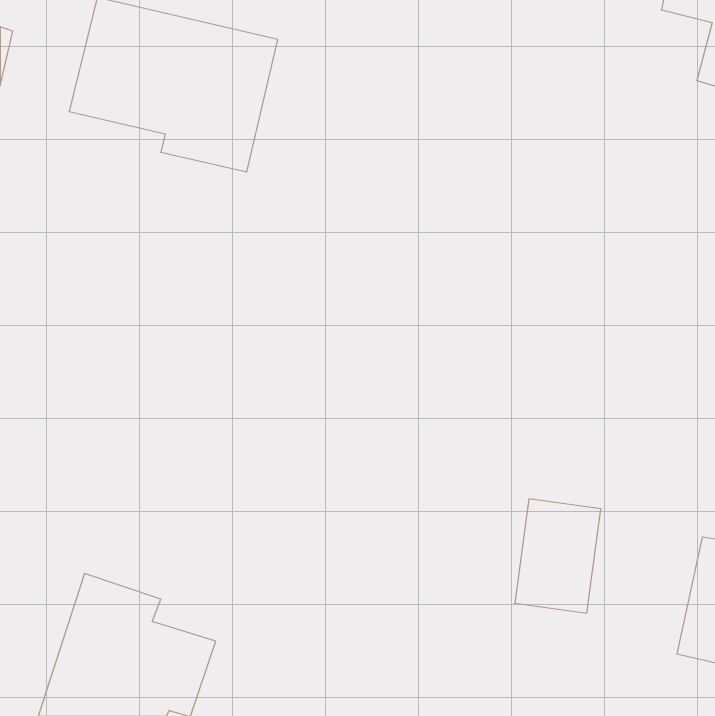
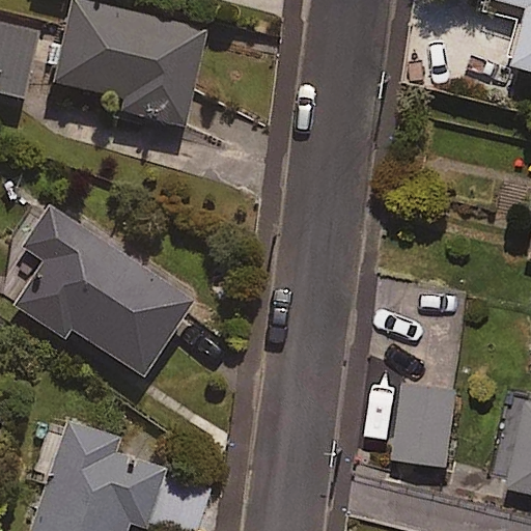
building: none -> [15,202,192,375]

